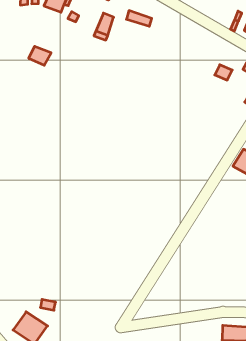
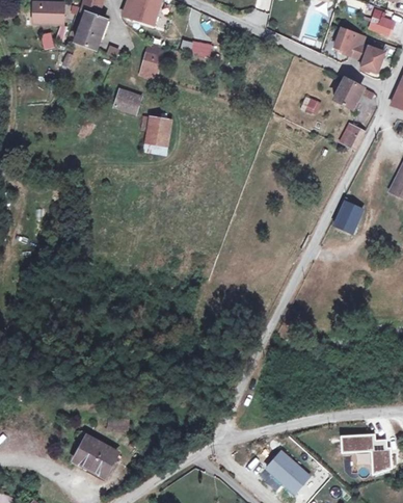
building: [29,46,51,65] -> [114,91,142,114]
building: none -> [145,116,171,145]

